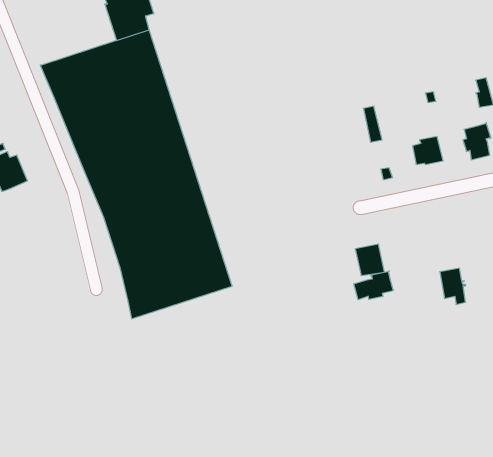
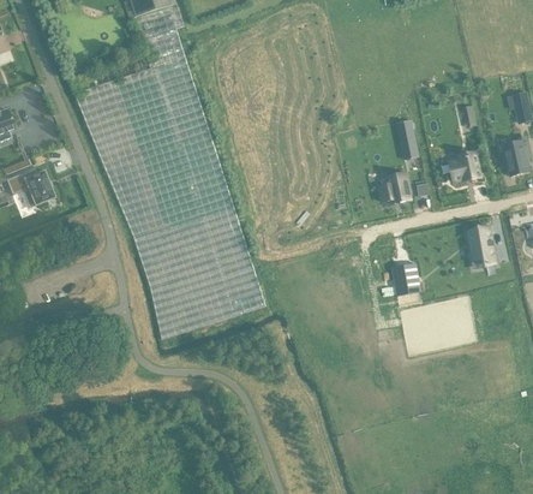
building: none -> [378,171,409,202]
building: [440,268,466,304] -> [467,226,493,263]
building: [354,271,393,300] -> none

